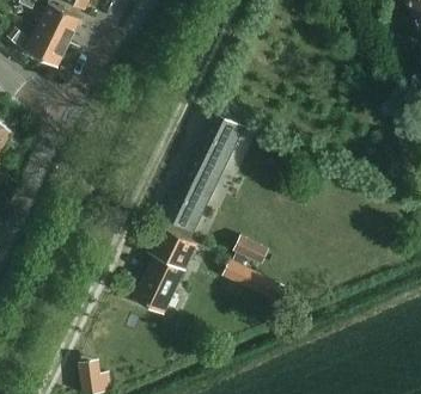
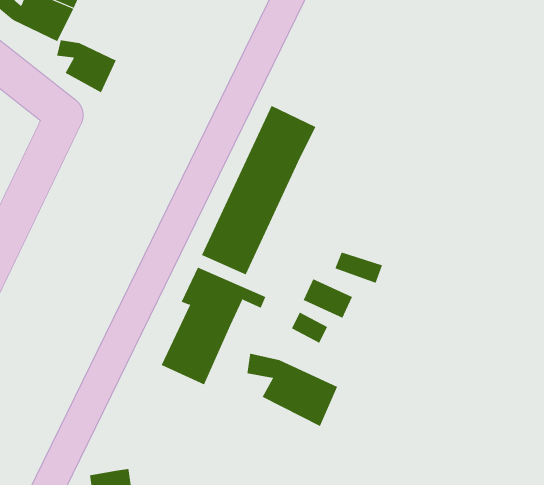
building: none -> [57,39,116,93]
building: none -> [247,353,338,427]

